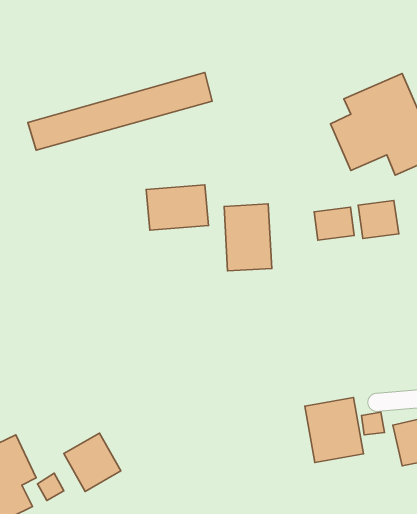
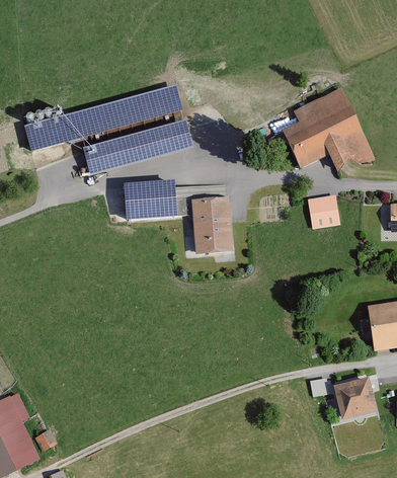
building: none -> [81,118,192,172]
building: [314,207,354,240] -> none
building: [305,398,364,462] -> none
building: [64,433,121,491] -> none

